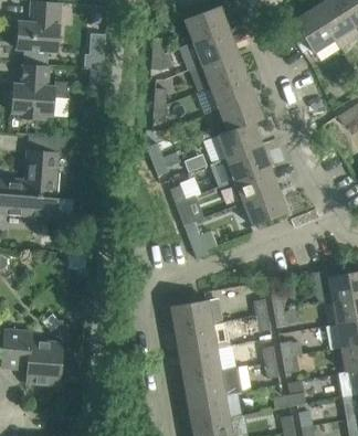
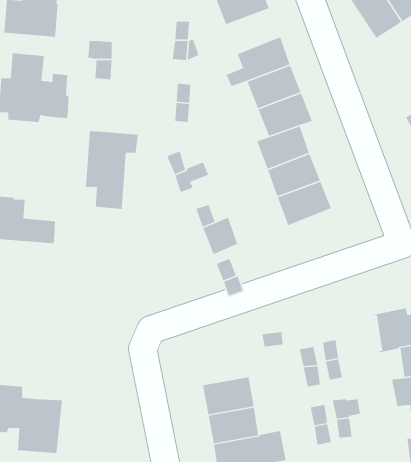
building: [193,29,238,65] -> none
building: [24,135,67,199] -> [85,130,139,210]
building: [243,189,287,226] -> none
building: [170,298,222,330] -> none

